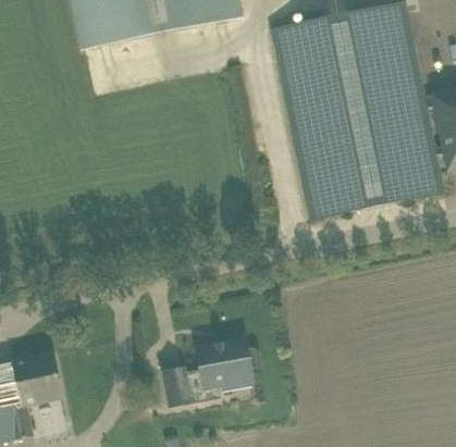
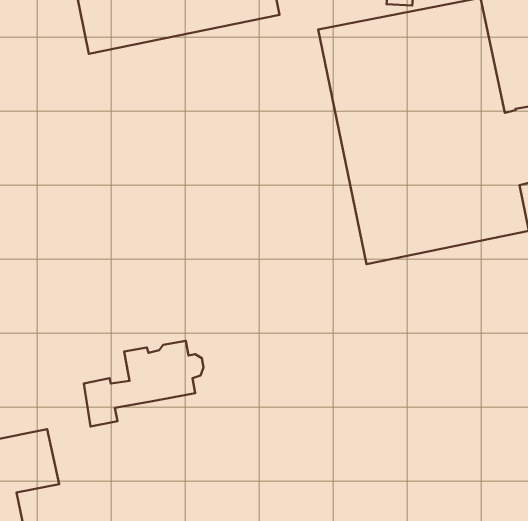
building: [165,336,262,406] -> [84,341,203,427]

